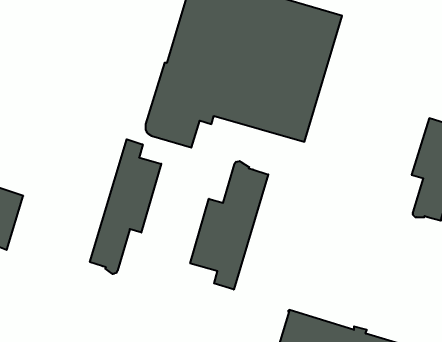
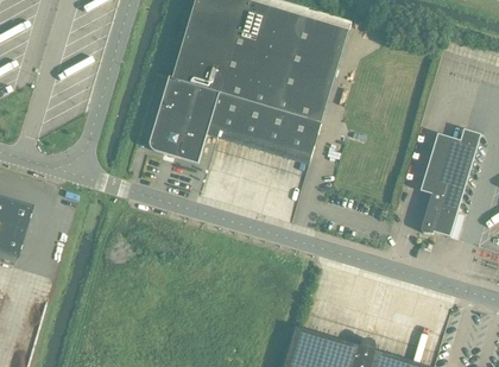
building: [90,139,161,274] -> none
building: [190,161,268,290] -> none

